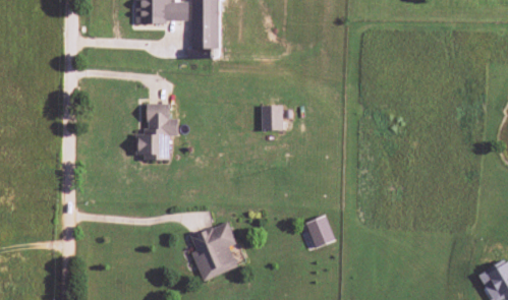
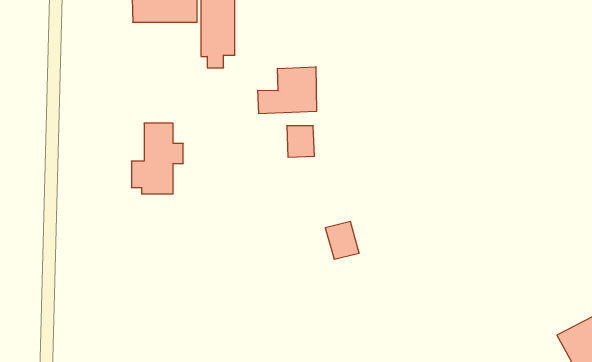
building: none -> [258,67,317,114]
building: [306,216,334,246] -> [325,221,359,259]
building: [190,221,237,281] -> none

